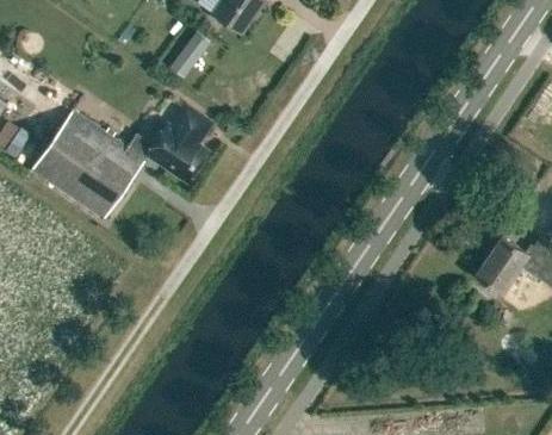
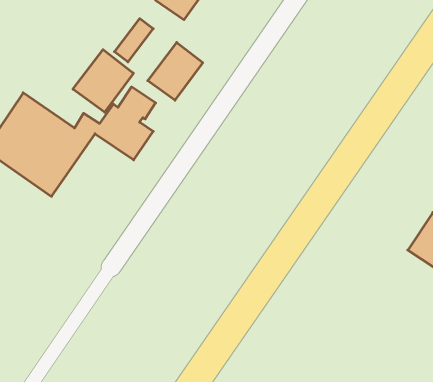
building: none -> [148,42,203,100]
building: none -> [73,50,133,112]

